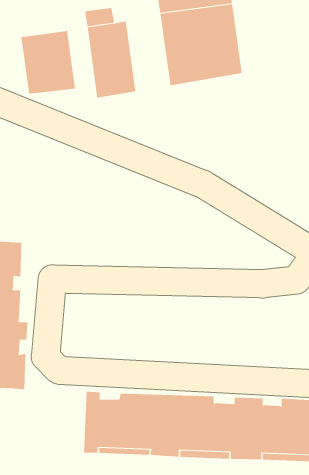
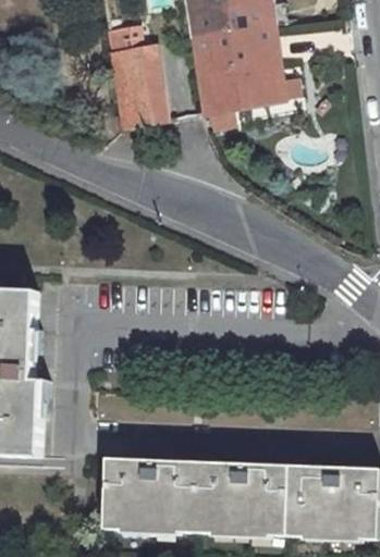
building: [21,30,76,95] -> none

